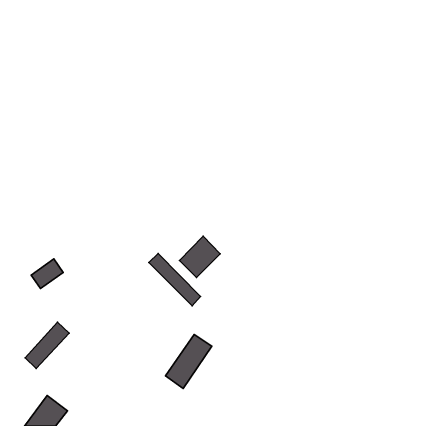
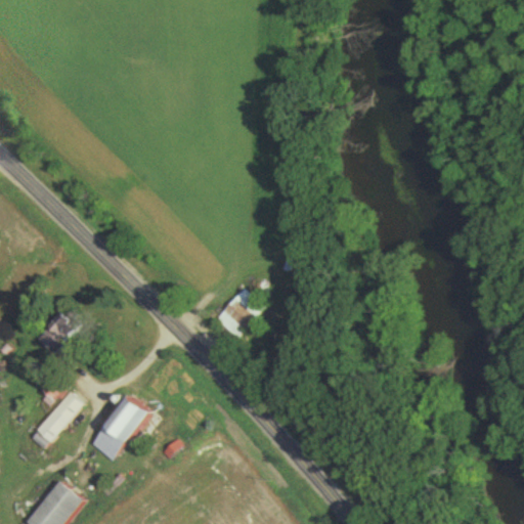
building: [149,253,200,306] -> none
building: [166,334,212,388] -> [92,394,148,460]

